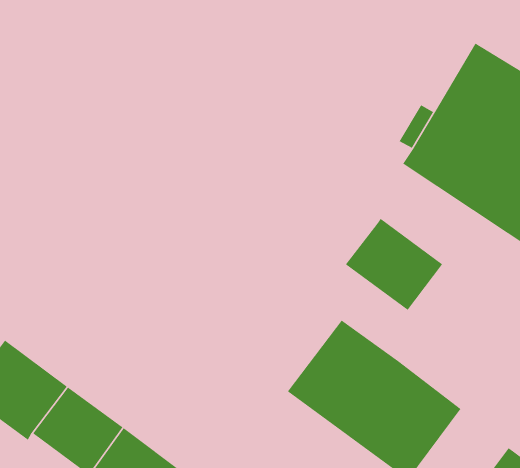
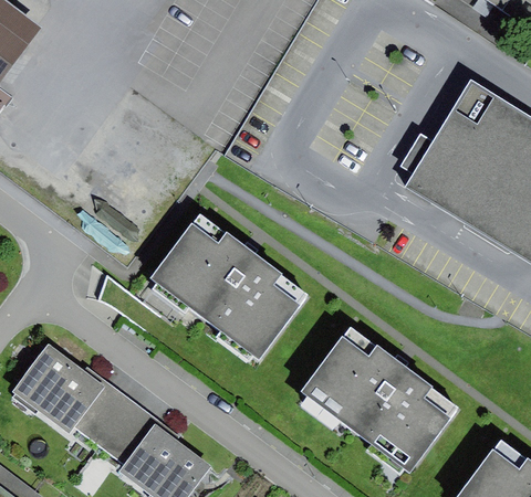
building: none -> [150,212,308,357]
building: [345,218,443,311] -> none

